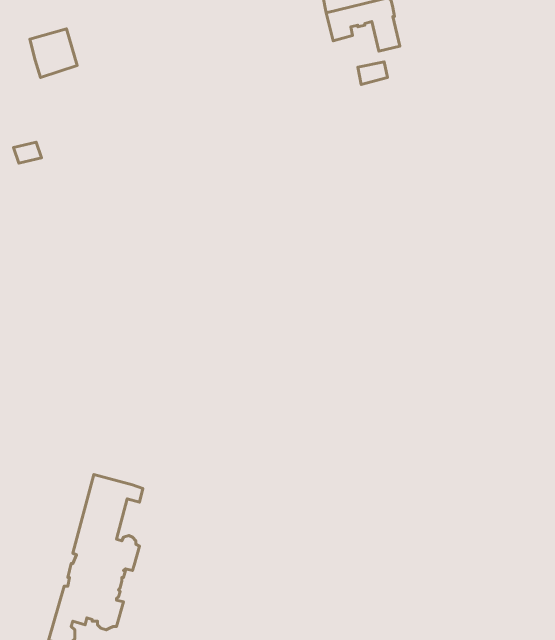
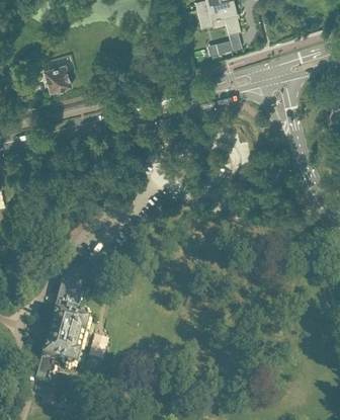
building: [30,29,77,78] -> [44,65,71,93]

